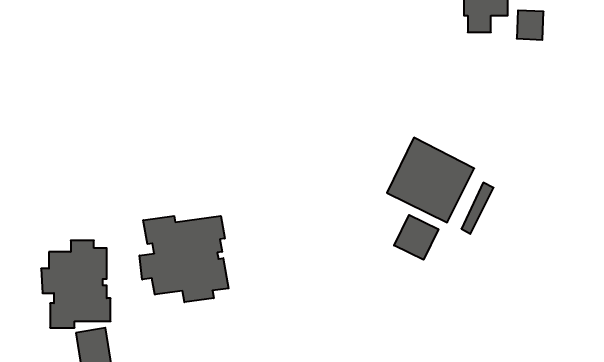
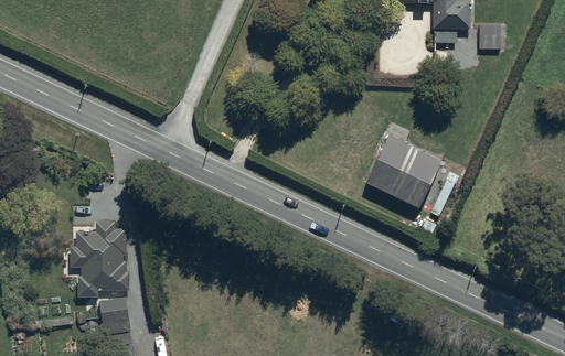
building: [394,215,438,260] -> none
building: [140,216,229,302] -> none

